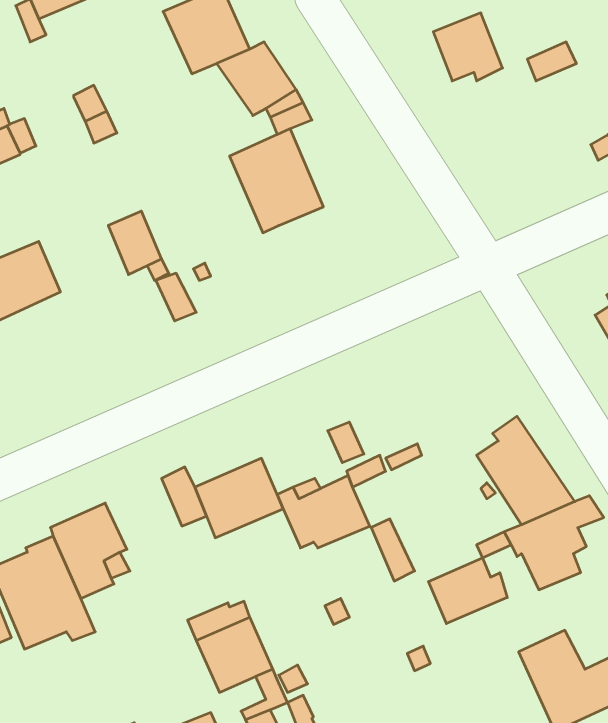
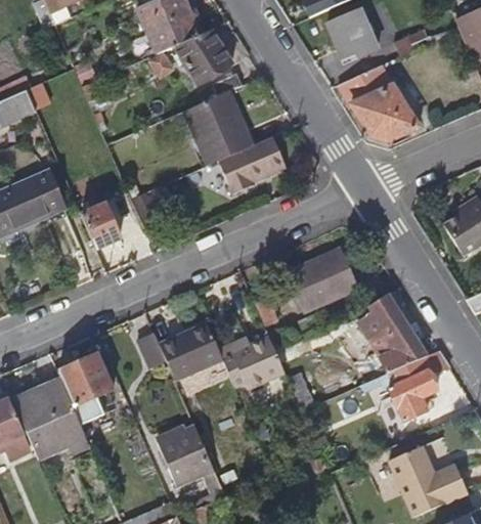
building: none -> [339,66,423,141]
building: none -> [219,137,286,193]
building: [108,211,162,275] -> [83,205,121,250]
building: none -> [285,248,357,312]
building: [428,558,507,624] -> none

